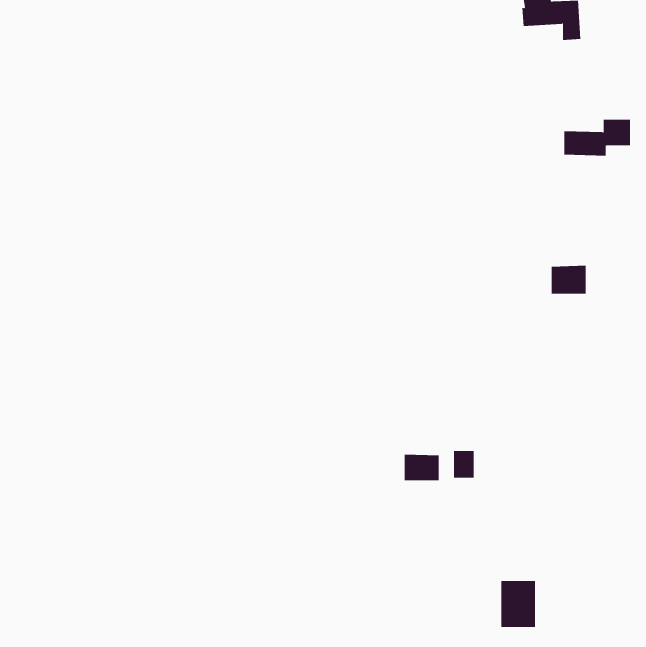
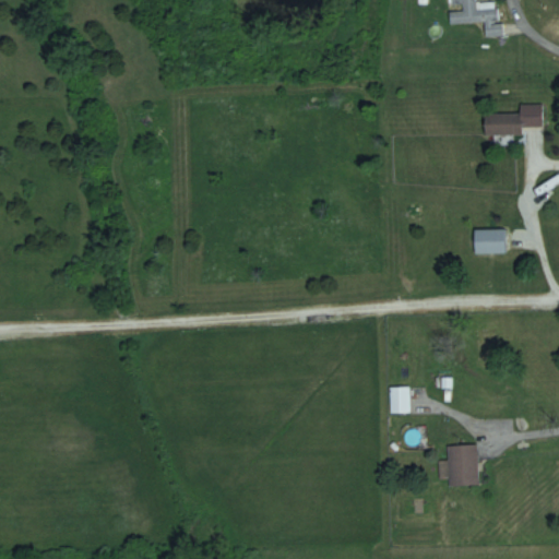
building: [404,454,439,481] -> none
building: [500,581,536,628] -> [447,445,477,486]

